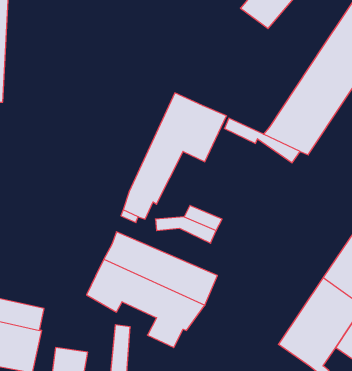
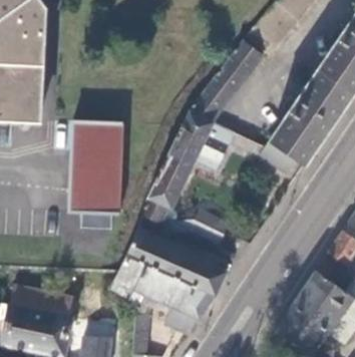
building: none -> [189,40,263,122]
building: none -> [69,121,122,215]

